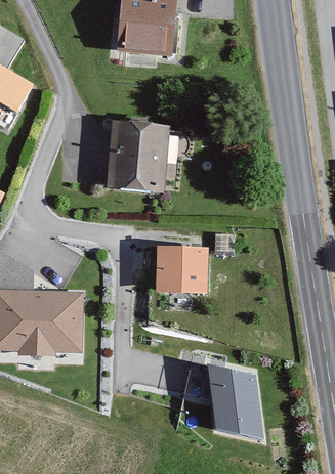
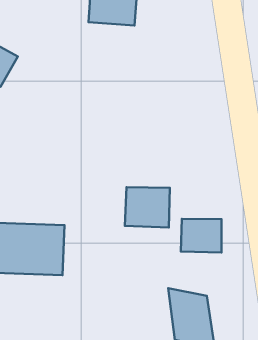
building: [106,120,169,189] -> none
building: none -> [181,219,222,252]

